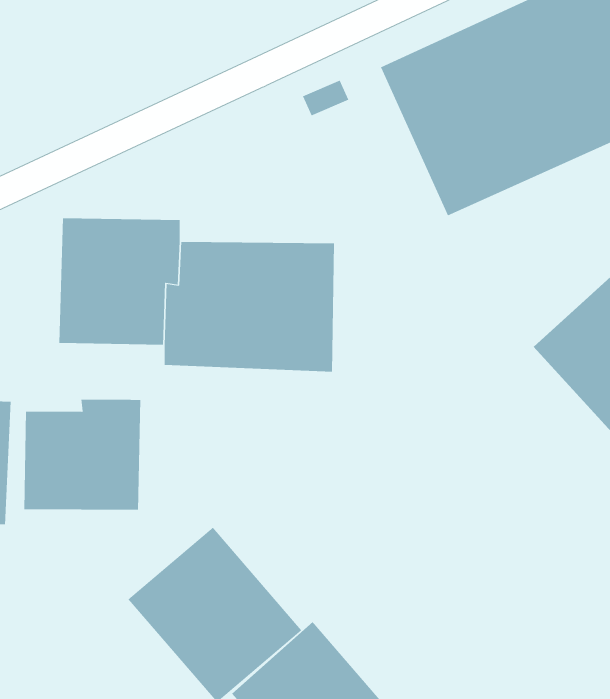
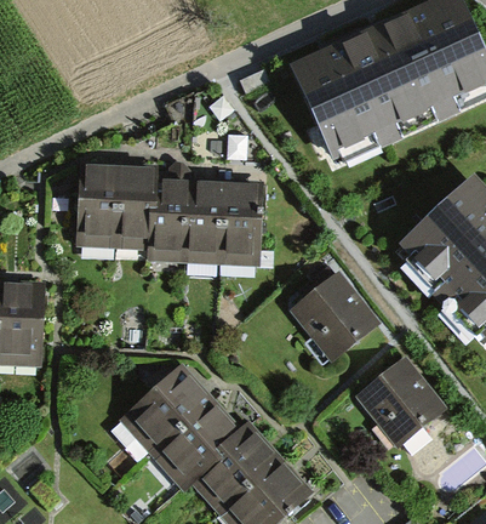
building: none -> [291,269,381,360]
building: [24,399,141,510] -> none
building: none -> [356,358,436,439]

